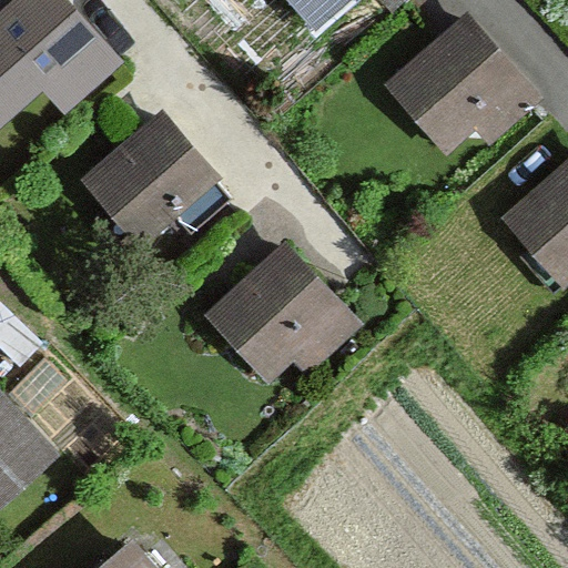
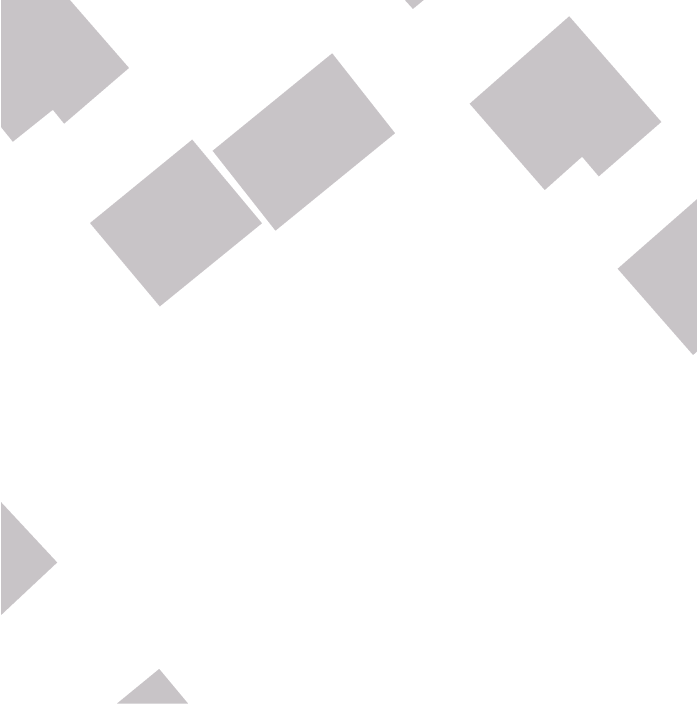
building: none -> [211,52,396,232]
building: [205,245,362,385] -> none

